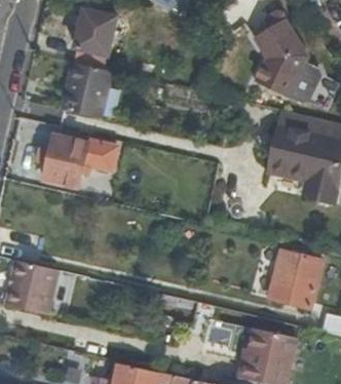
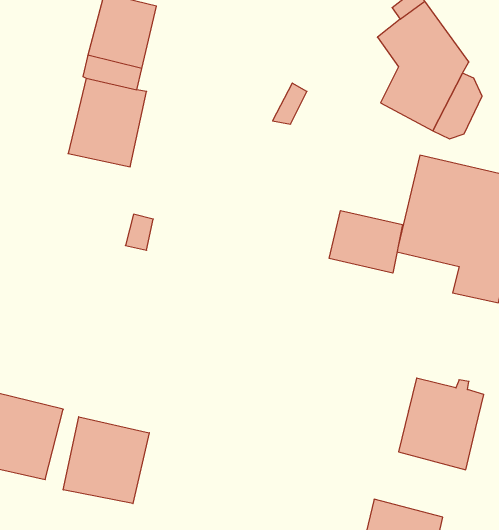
building: [42,136,88,189] -> none
building: none -> [329,211,402,273]
building: none -> [63,417,149,504]

